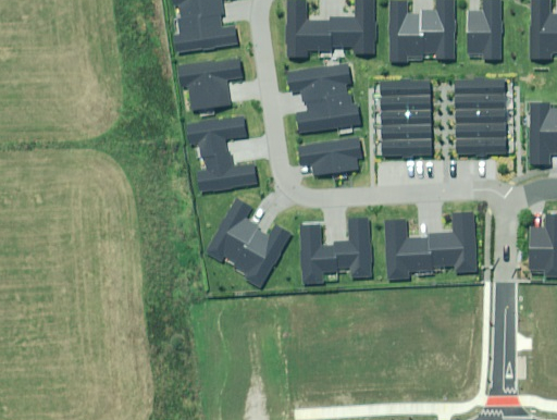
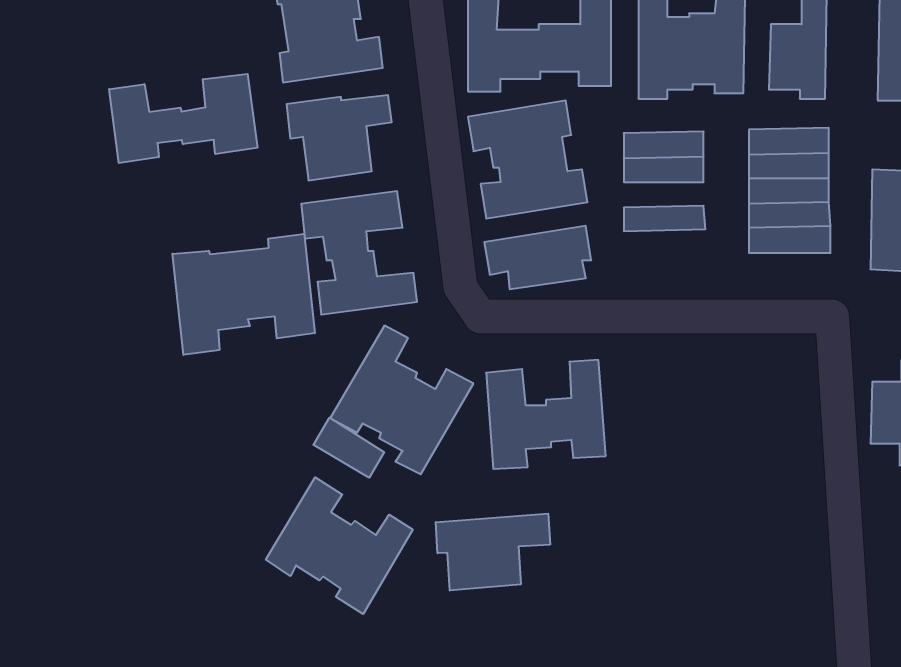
building: none -> [109,74,257,163]
building: [381,111,429,126] -> none
building: [381,139,430,156] -> none
building: none -> [172,234,315,355]
building: [383,213,478,279] -> none
building: none -> [313,418,384,478]
building: none -> [266,477,413,614]
building: none -> [436,514,550,591]

